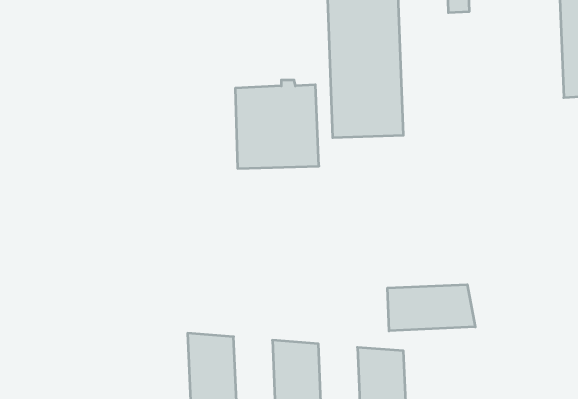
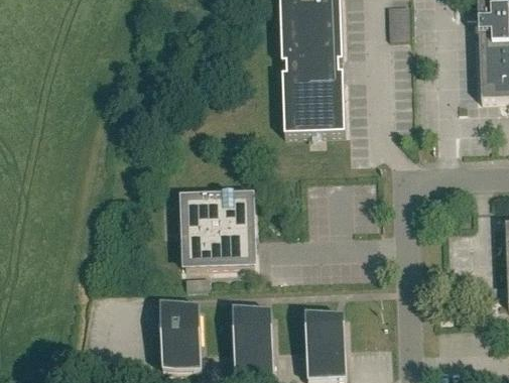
building: [235,80,319,168] -> [183,188,255,264]
building: [388,285,475,331] -> none

